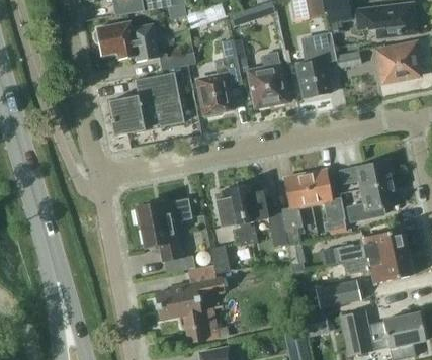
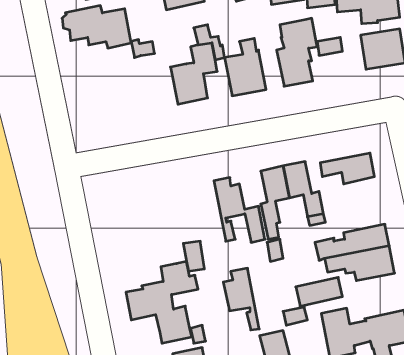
building: [109,72,185,136] -> none
building: [348,183,396,221] -> none
building: [215,187,250,246] -> [223,268,259,330]
building: [134,199,191,260] -> none

